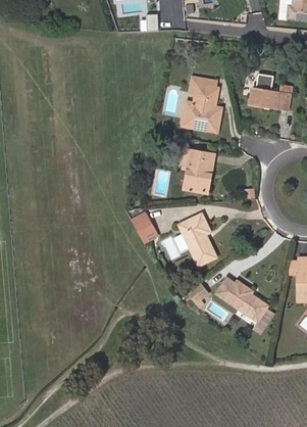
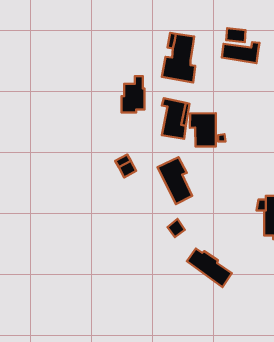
building: none -> [122,76,144,113]
building: none -> [190,113,216,146]
building: [216,279,266,322] -> [187,248,232,287]

